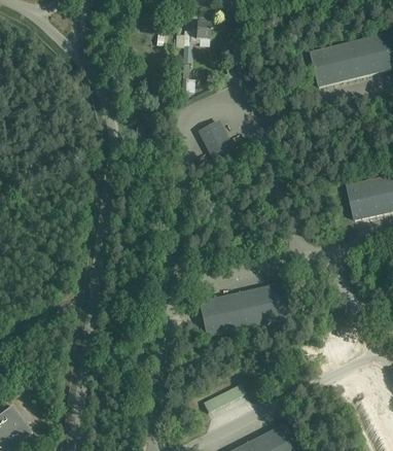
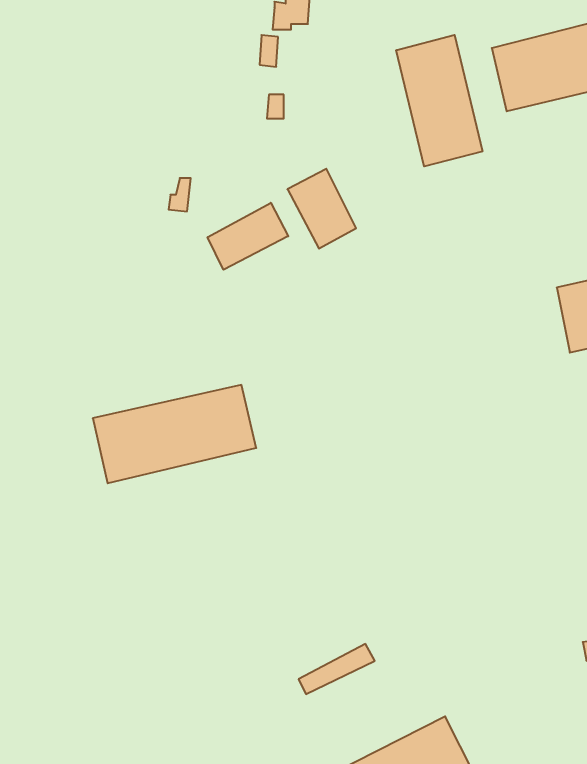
building: none -> [396,35,482,166]
building: none -> [208,203,288,270]
building: [199,282,289,337] -> [93,385,256,483]

